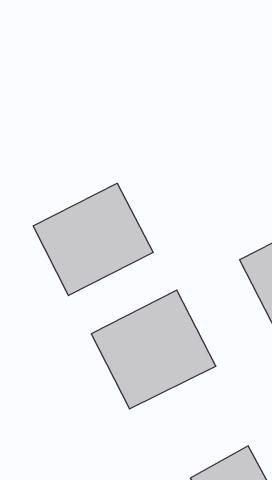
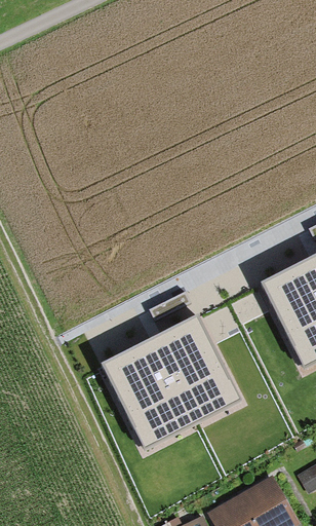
building: [33,183,153,296] -> none

